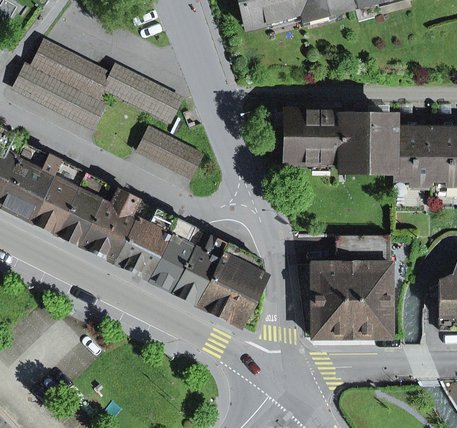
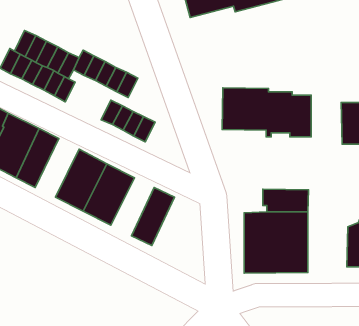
building: [393,129,432,181] -> none
building: [56,174,110,246] -> none
building: [149,222,202,293] -> none
building: [199,245,264,326] -> none

